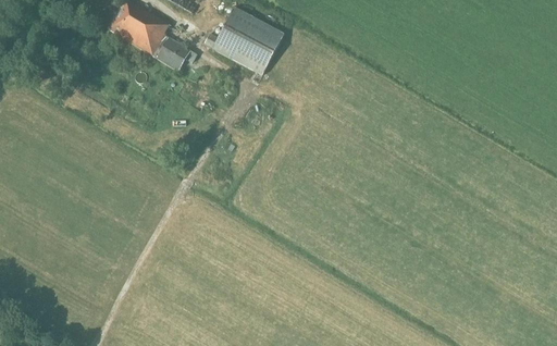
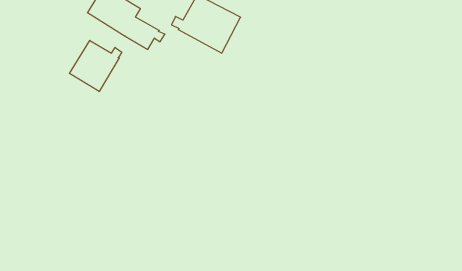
building: none -> [69,40,122,92]

